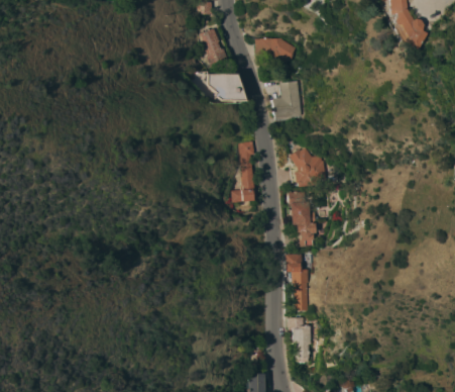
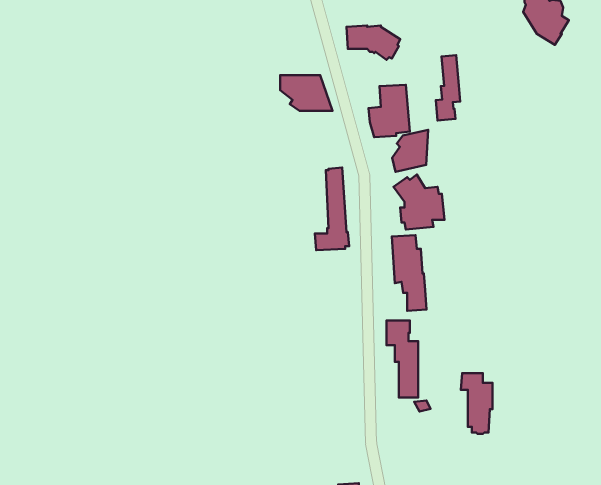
building: [203,28,231,68] -> none
building: none -> [436,55,460,121]
building: none -> [392,130,428,172]
building: [289,318,312,363] -> [461,373,493,434]

